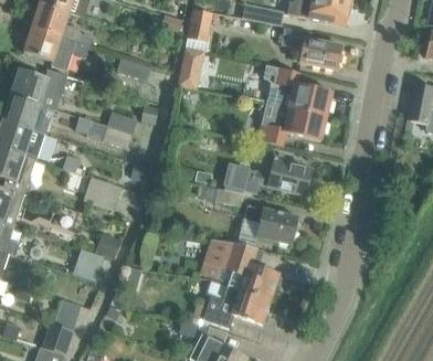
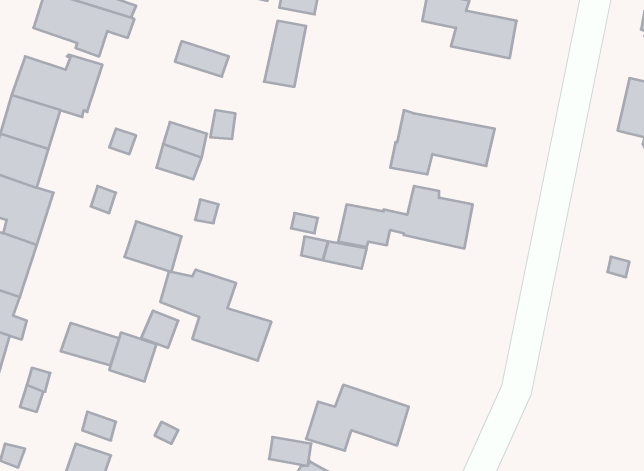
building: [263,67,330,117] -> none
building: [243,205,297,244] -> none
building: [205,240,278,299] -> [160,270,271,361]
building: none -> [61,323,119,365]

